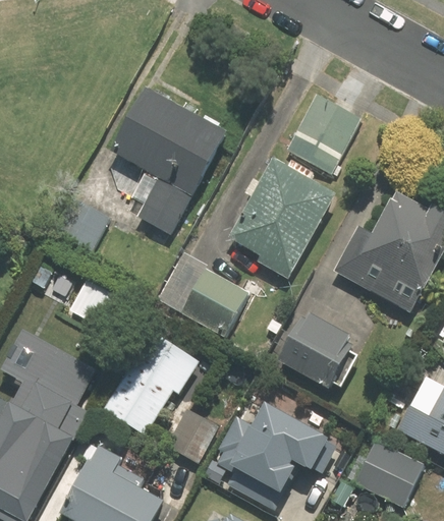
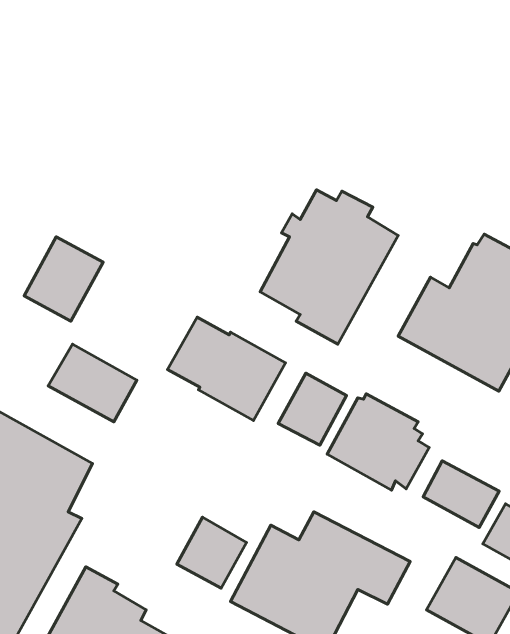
building: [109,88,226,234] -> none
building: [287,94,360,172] -> none
building: none -> [278,373,347,445]
building: [103,334,197,439] -> none
building: none -> [423,461,499,528]

